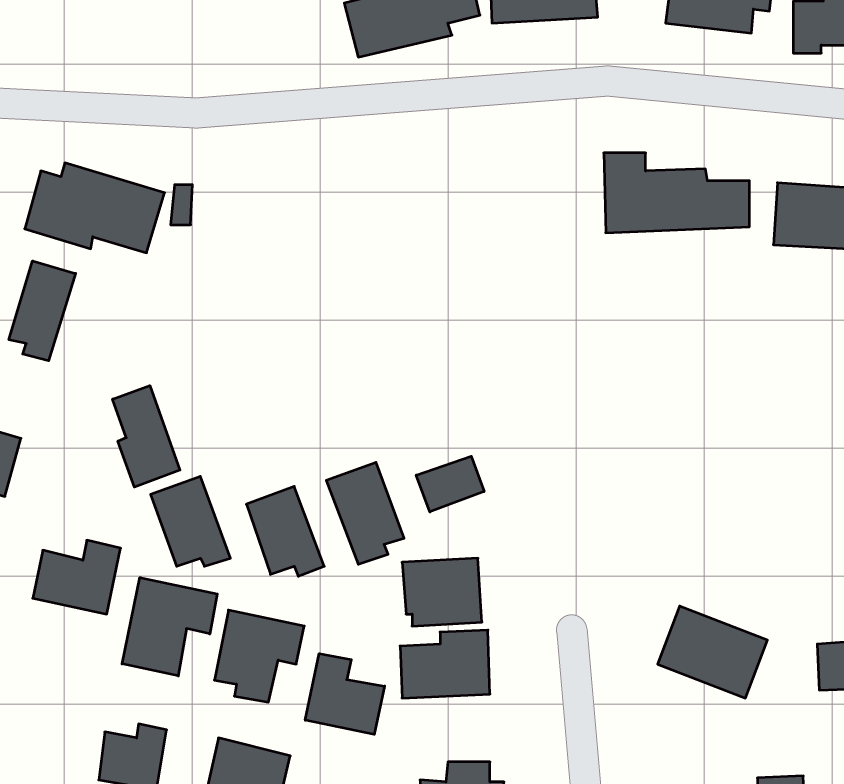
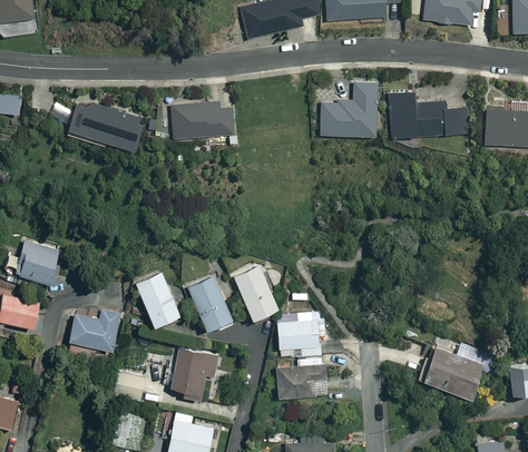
building: none -> [320,83,377,136]
building: none -> [172,102,234,139]
building: [9,261,76,361] -> none
building: [113,386,180,487] -> none
building: [416,456,484,512] -> none
building: [122,578,217,676] -> none
building: [305,654,385,734] -> none

